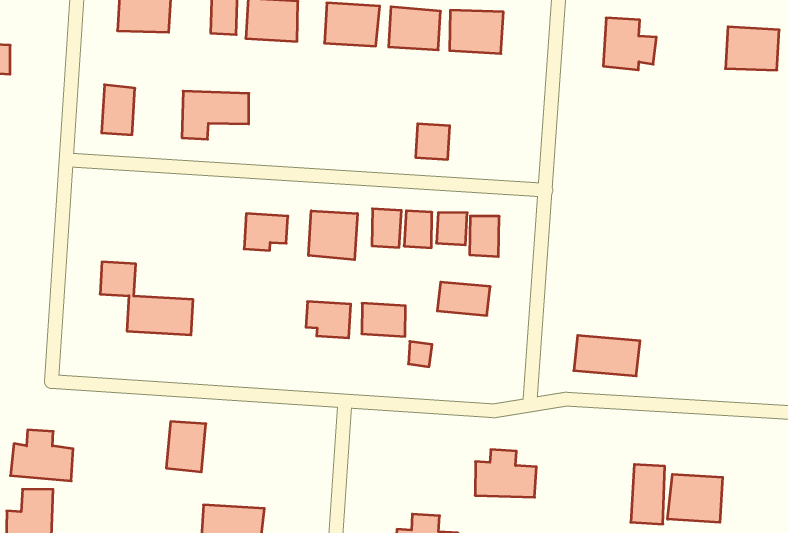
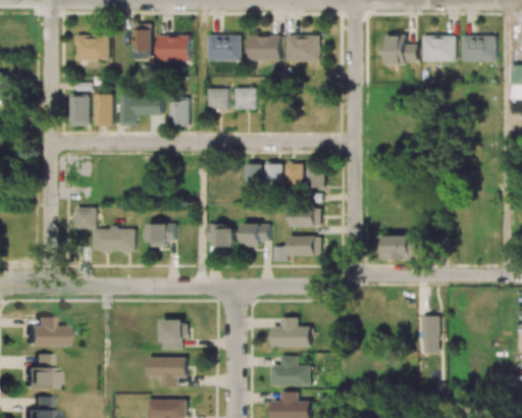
building: none -> [422,36,455,62]
building: none -> [94,95,112,126]
building: none -> [206,89,227,110]
building: none -> [169,101,189,125]
building: [416,124,450,159] -> [234,89,255,110]
building: [309,211,357,260] -> none
building: [244,214,288,250] -> [148,224,174,247]
building: none -> [289,237,321,256]
building: [166,422,206,472] -> [161,320,185,351]
building: [475,450,536,497] -> [271,318,310,348]
building: [668,474,723,522] -> none

